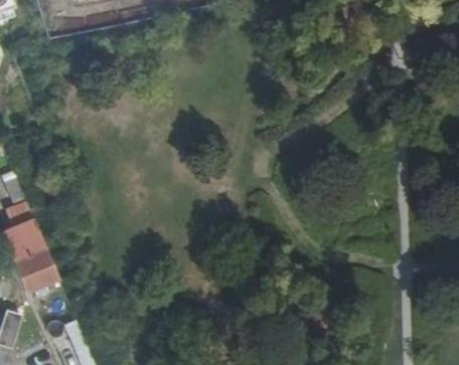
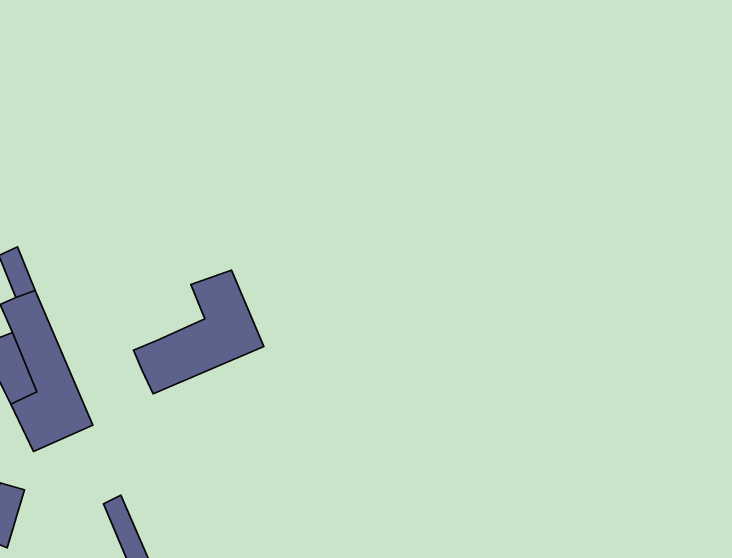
building: none -> [134,270,264,394]

